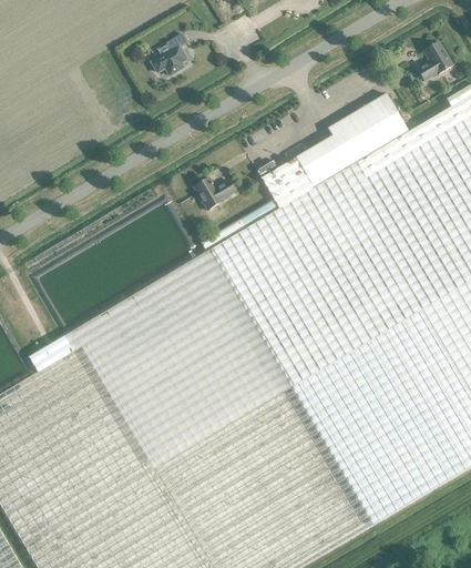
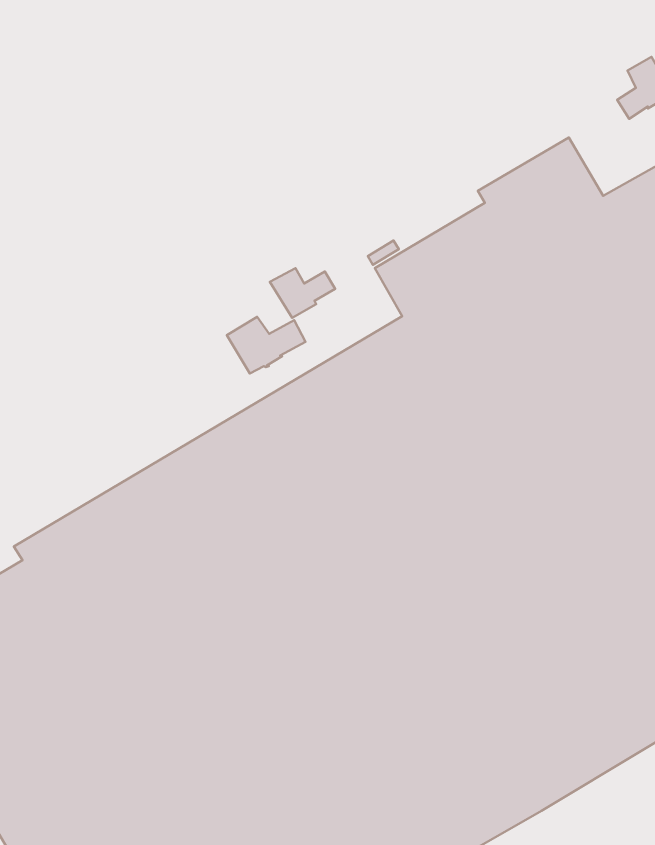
building: [152,34,187,75] -> none
building: none -> [227,317,305,374]

